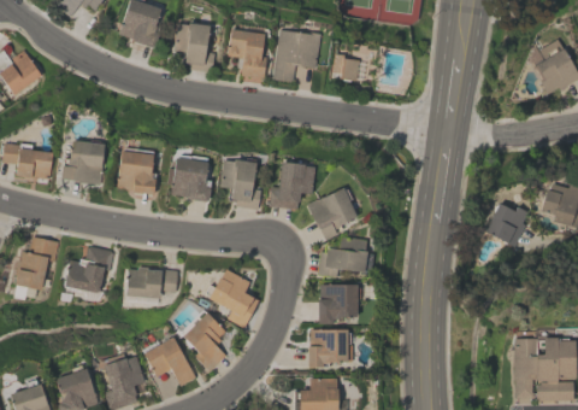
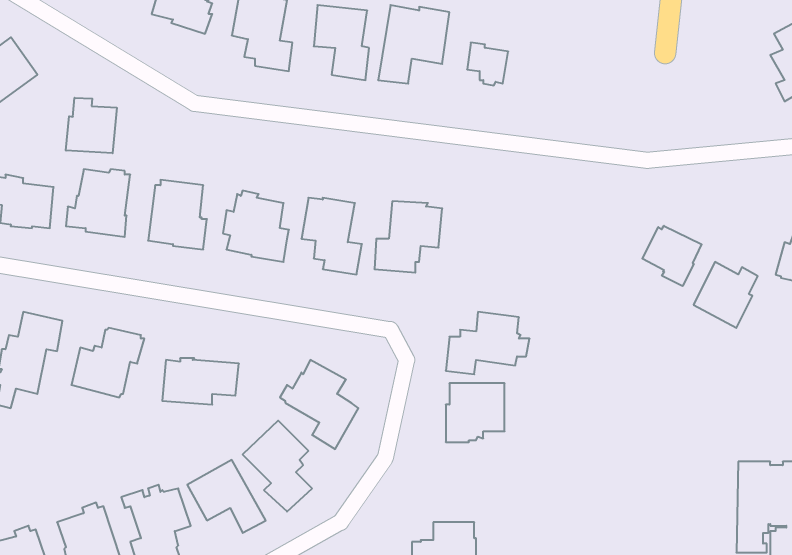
building: none -> [66,98,117,153]
building: none -> [642,226,702,286]
building: [307,187,358,240] -> none
building: [308,330,353,368] -> none

